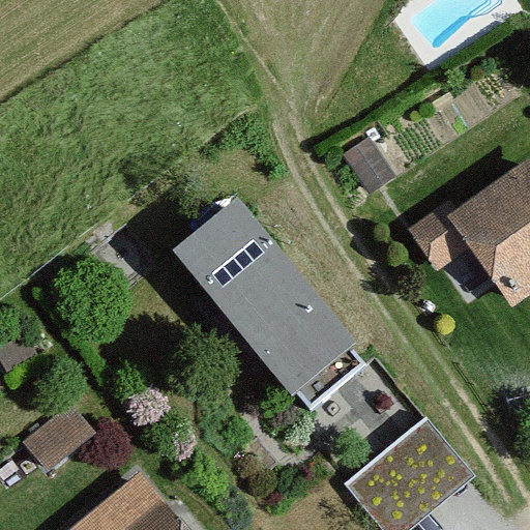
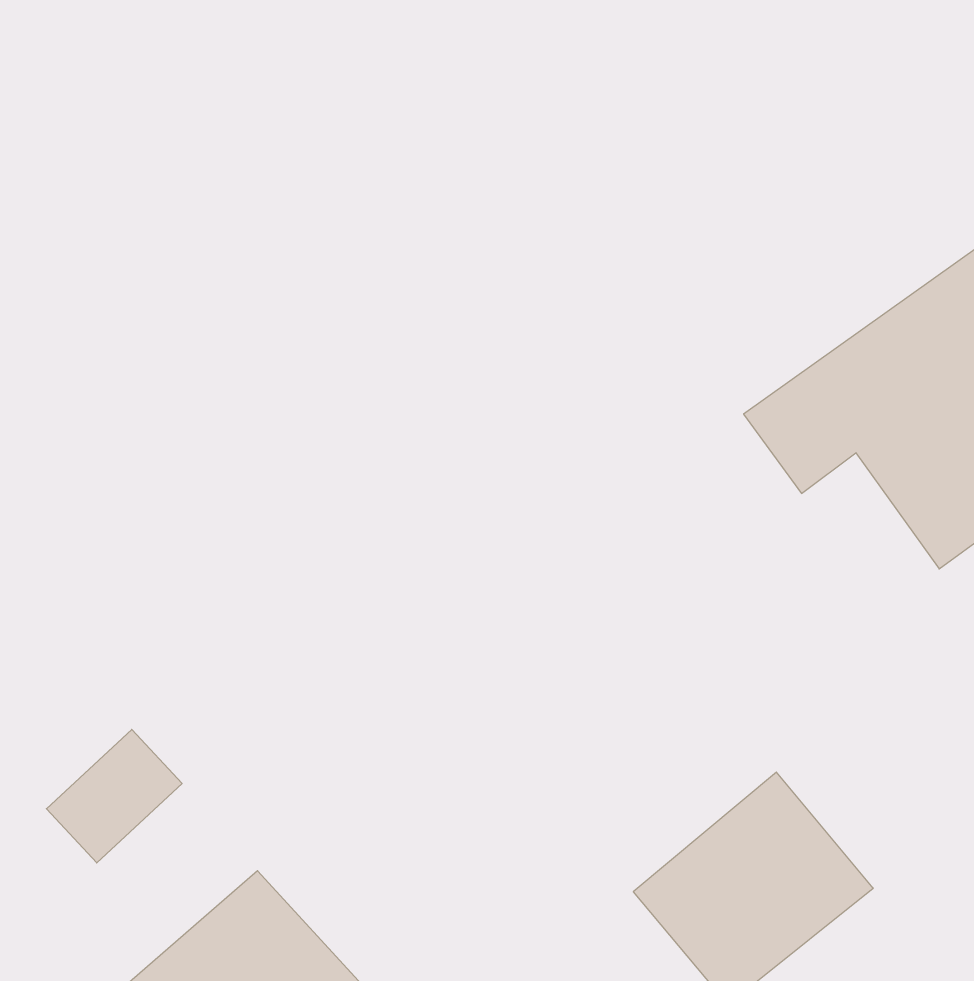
building: [174,201,355,399] -> none

